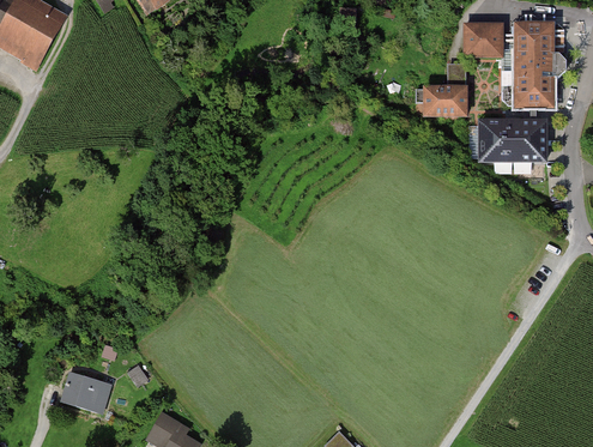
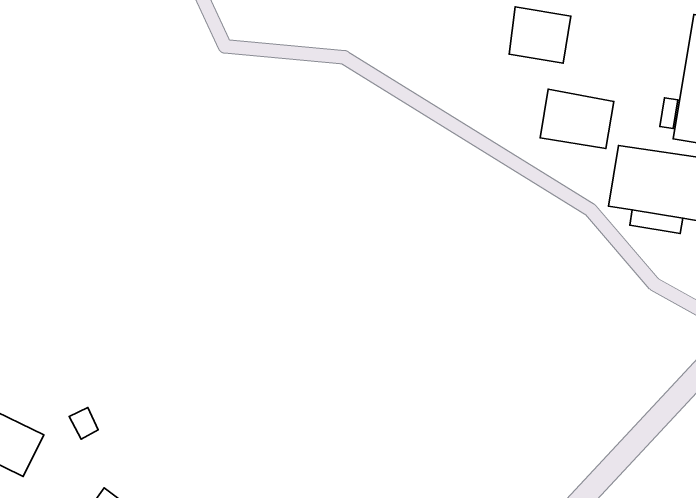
building: [462,24,502,58] -> [509,7,571,63]

